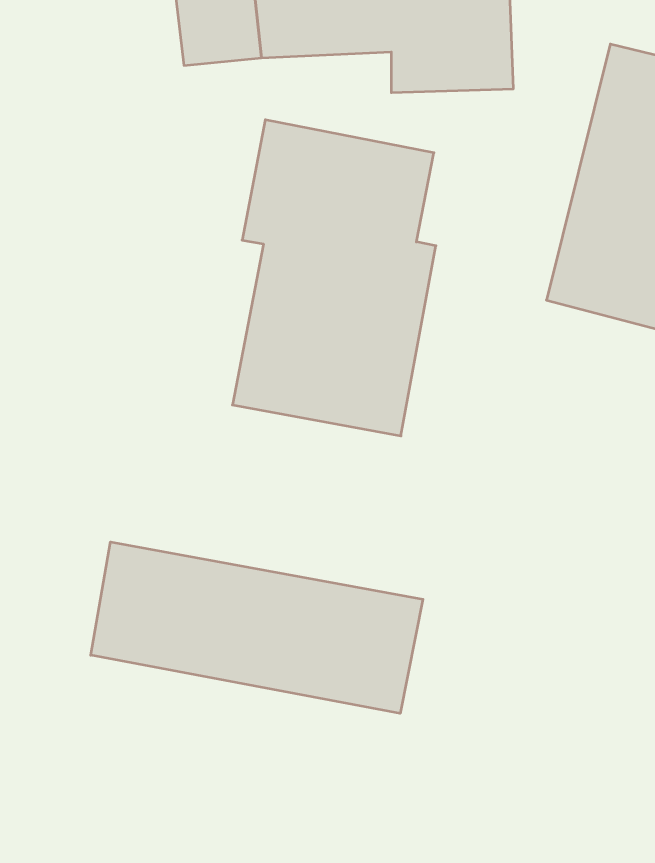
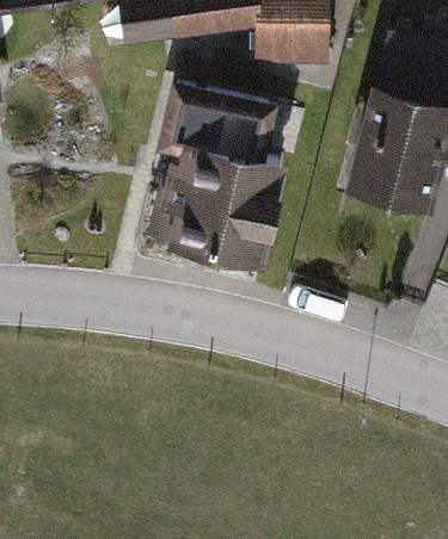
building: [91,542,423,713] -> none

